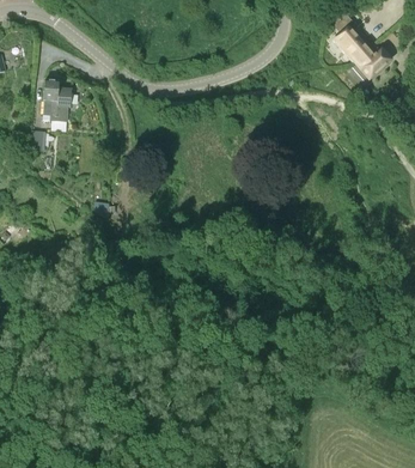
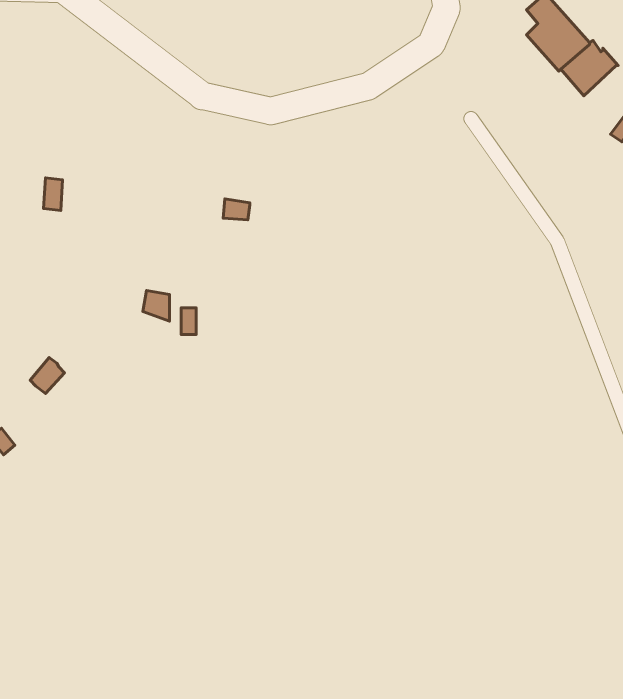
building: [44,79,72,120] -> none

